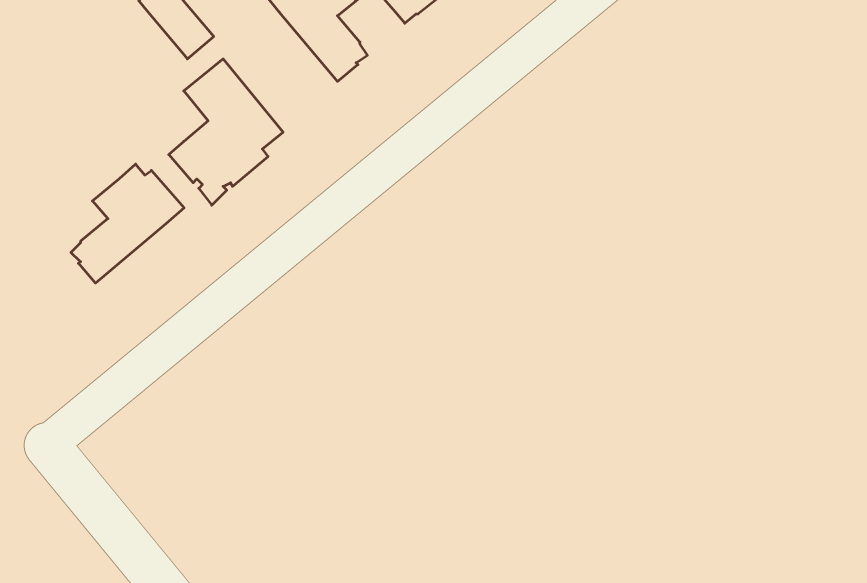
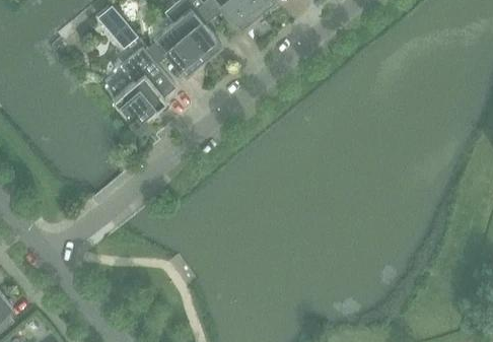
building: none -> [145,23,202,75]
building: [71,164,184,283] -> none

